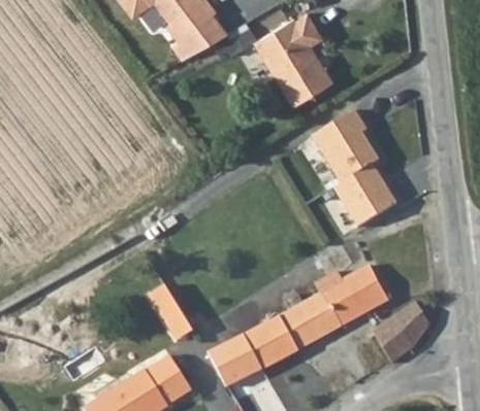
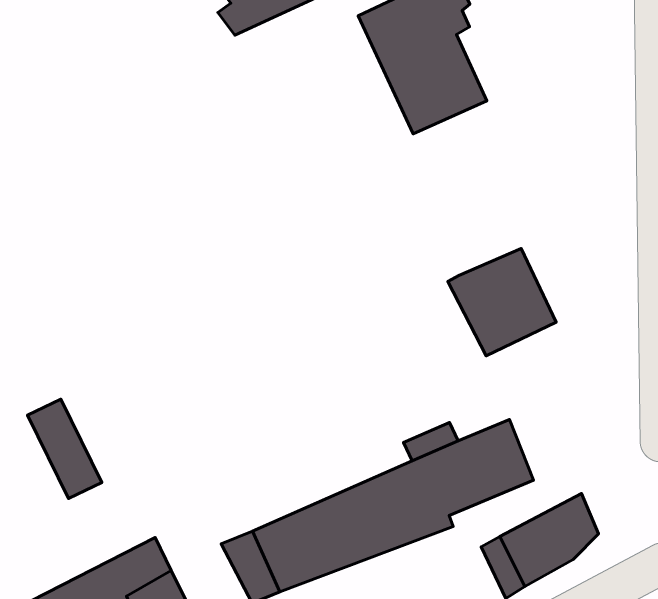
building: [302,109,373,183] -> none
building: [150,284,197,342] -> [28,399,102,498]

